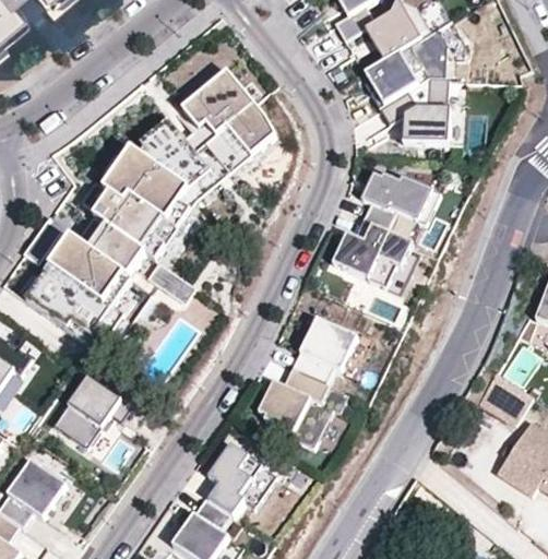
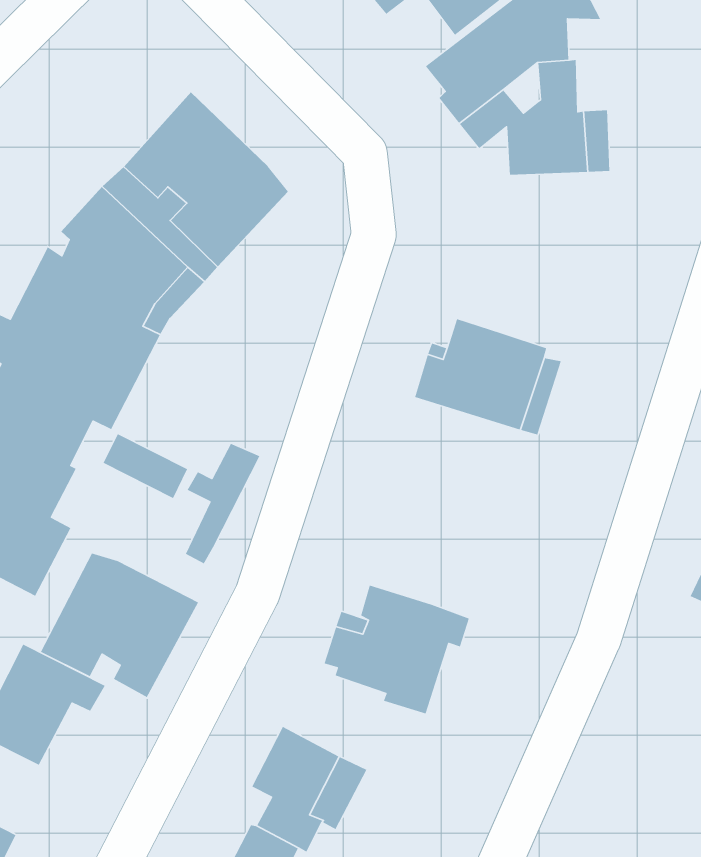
building: [360,171,433,231] -> none
building: none -> [185,443,260,565]
building: [291,317,357,383] -> none
building: none -> [40,552,199,698]

